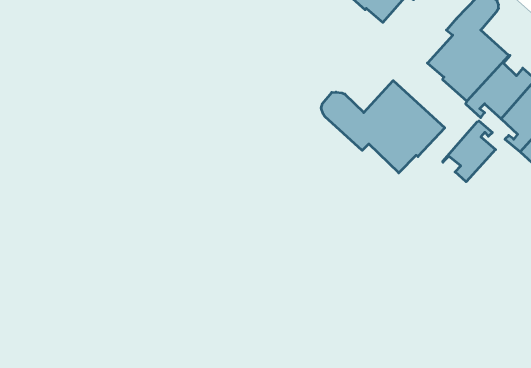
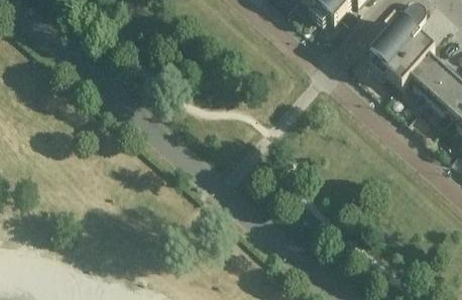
building: [321,81,445,173] -> none
building: [443,121,496,182] -> none

